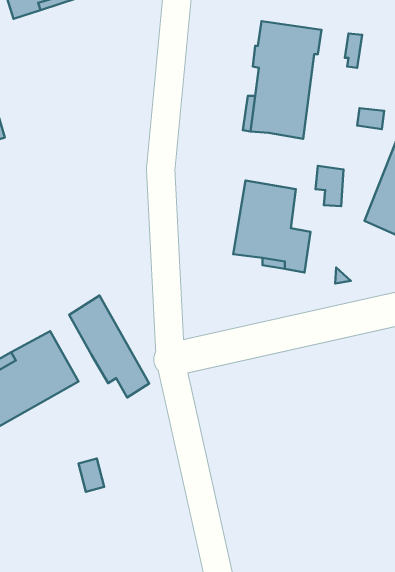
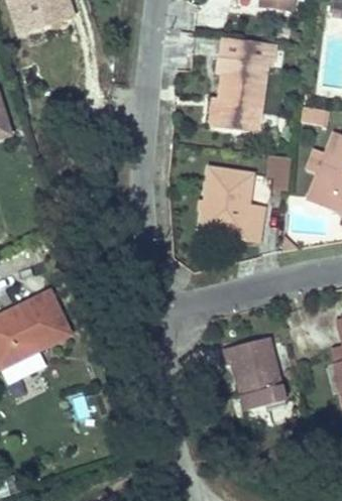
building: [69,296,149,398] -> none
building: none -> [222,338,287,412]

